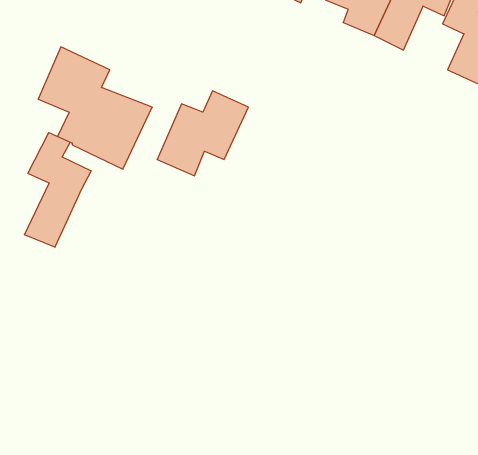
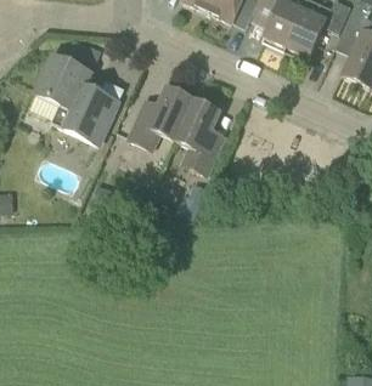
building: none -> [175,101,226,176]
building: [25,133,91,247] -> none

